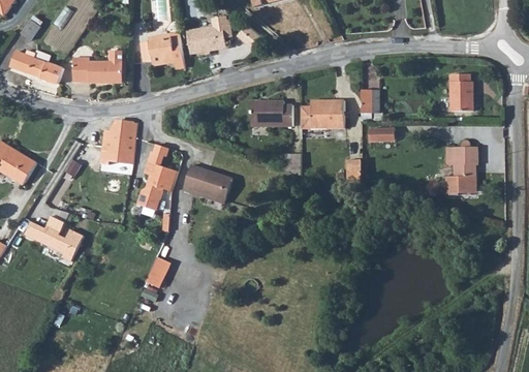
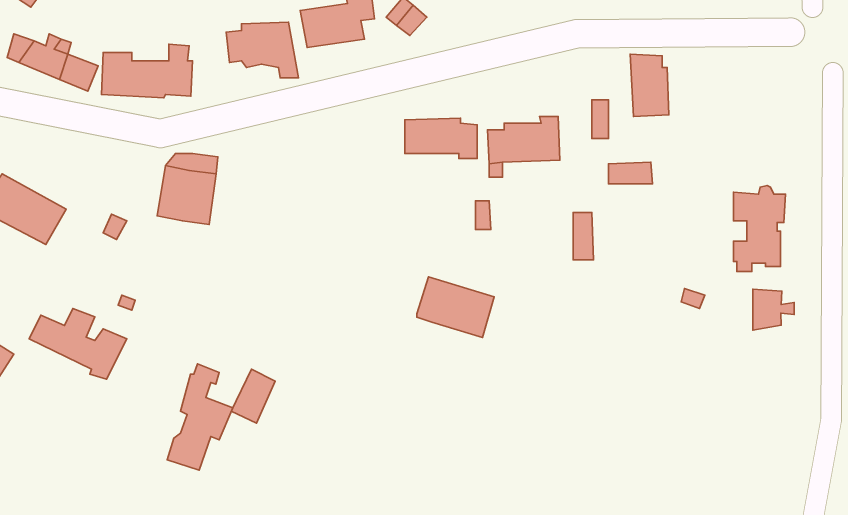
building: [452,71,475,110] -> [630,54,669,116]
building: [131,145,172,210] -> [167,364,233,470]
building: [186,167,234,205] -> [417,277,494,337]
building: none -> [753,289,794,330]

